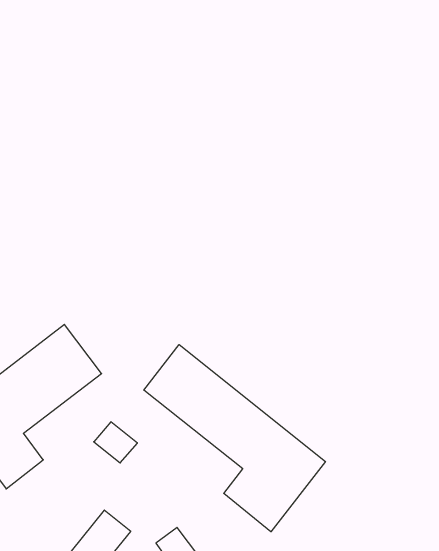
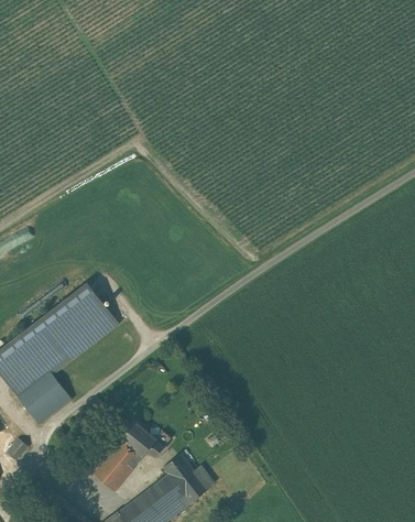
building: [144,345,325,532] -> none
building: [94,422,137,463] -> [120,423,156,457]

